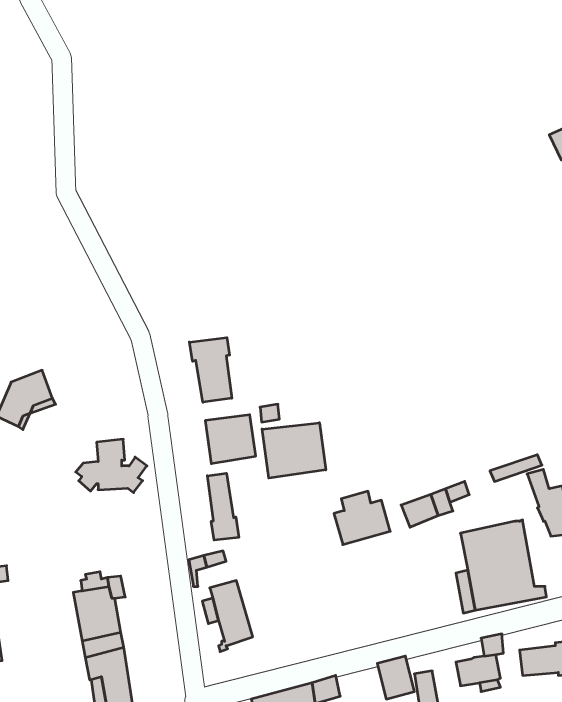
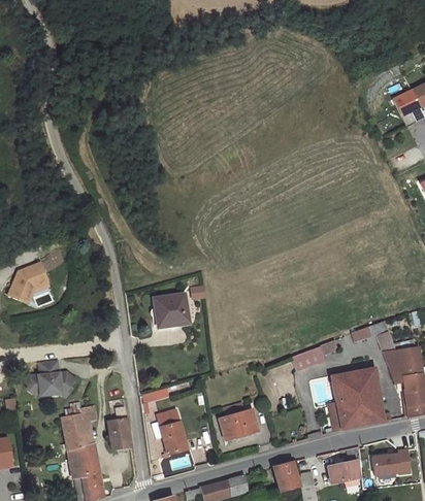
building: [189,338,232,402] -> none
building: [262,423,326,478] -> none
building: [76,439,147,493] -> [26,360,75,397]
building: [207,473,239,540] -> none
building: [334,491,390,545] -> [219,403,258,440]
building: none -> [110,407,132,449]

